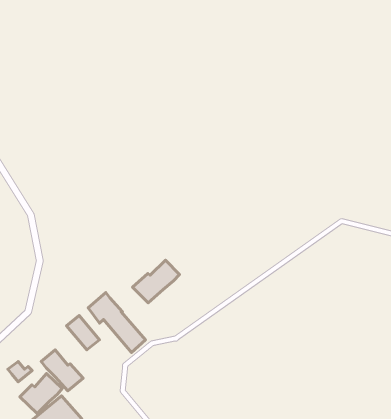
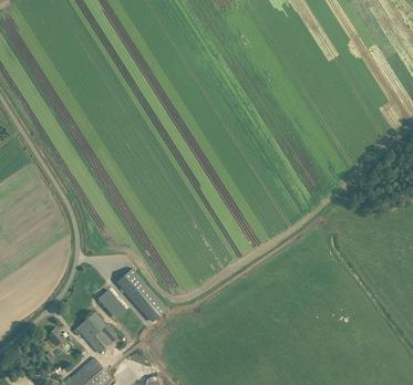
building: [133,260,180,303] -> none
building: [20,374,62,413] -> none

